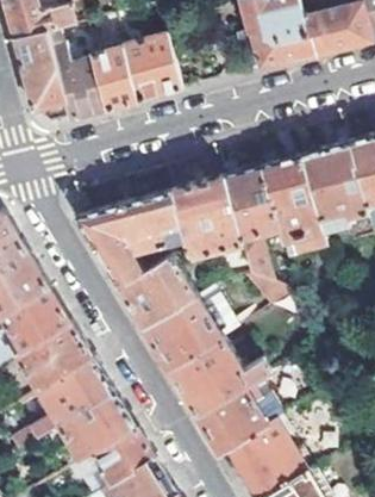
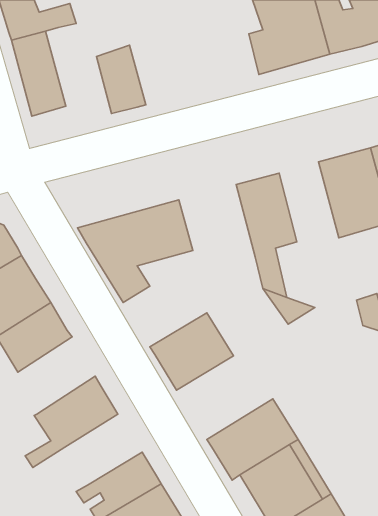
building: [115,10,183,101] -> none
building: [45,29,107,120] -> none
building: [264,155,326,257] -> none
building: [170,176,242,257] -> none
building: [118,255,196,329] -> none
building: [14,319,92,392] -> none
building: [168,337,268,416] -> none
building: [63,392,136,459] -> none

